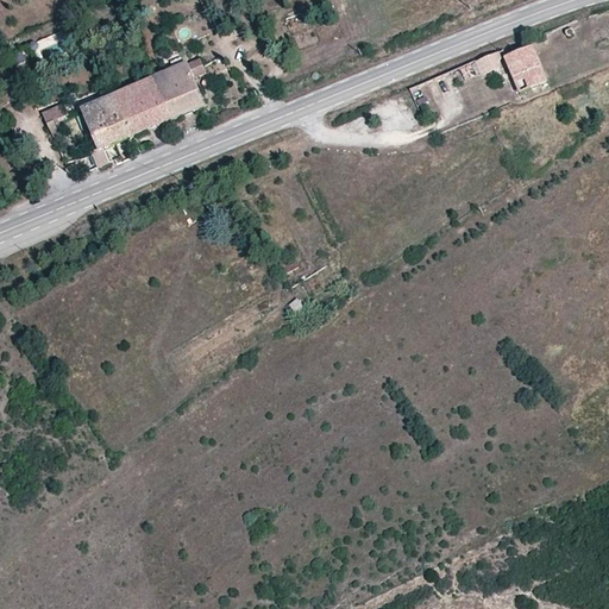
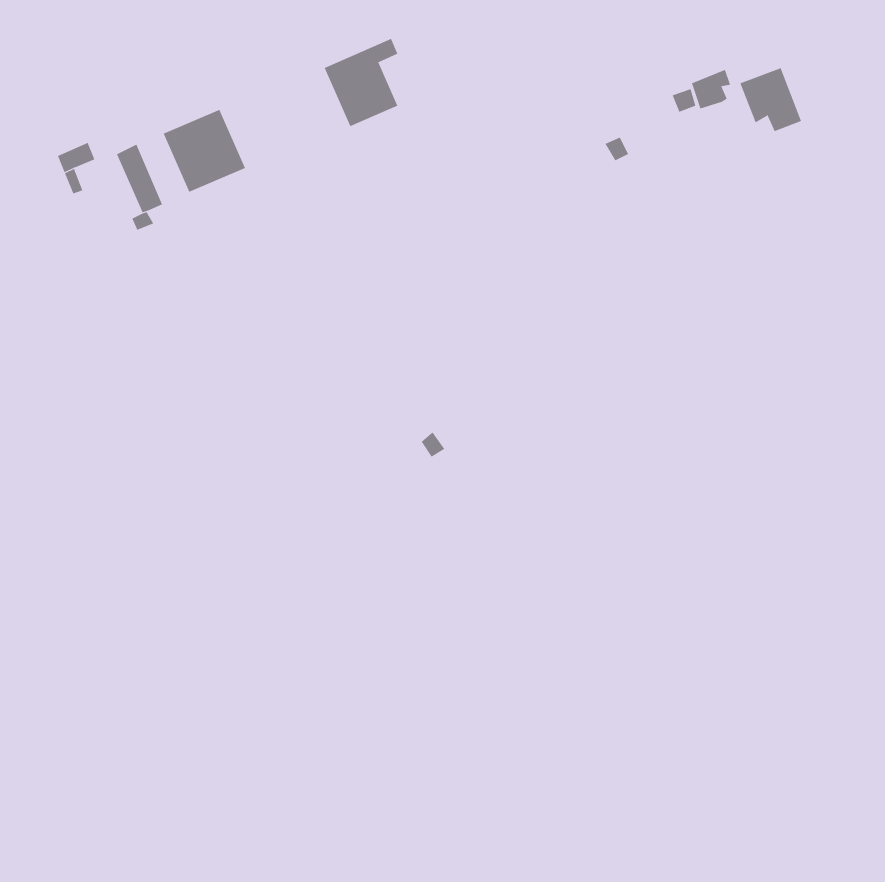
building: [151,55,202,115] -> [324,38,398,127]
building: [94,92,130,140] -> none

